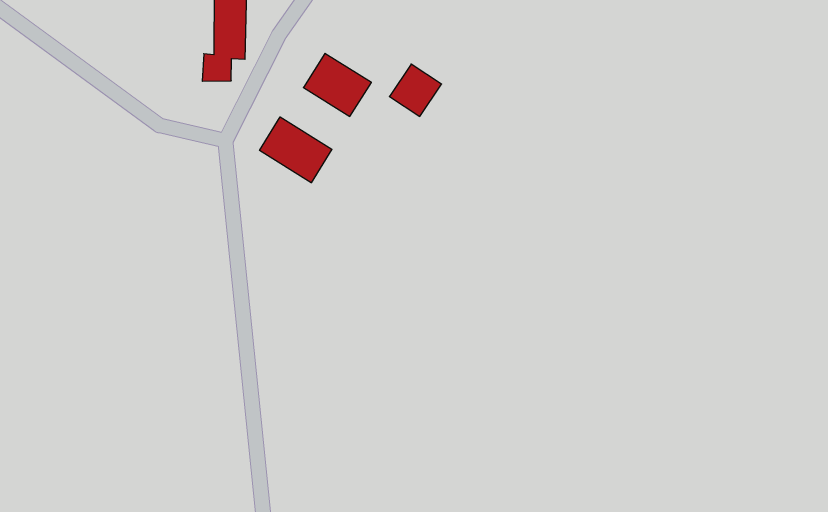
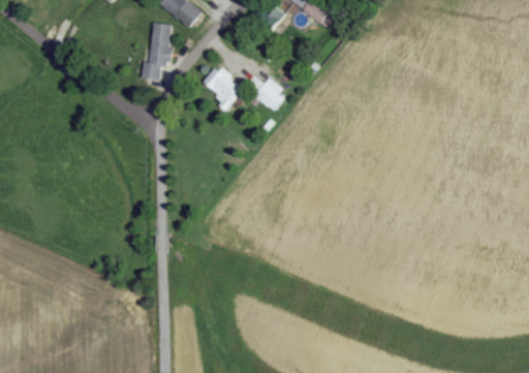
building: [260,117,332,183] -> none

